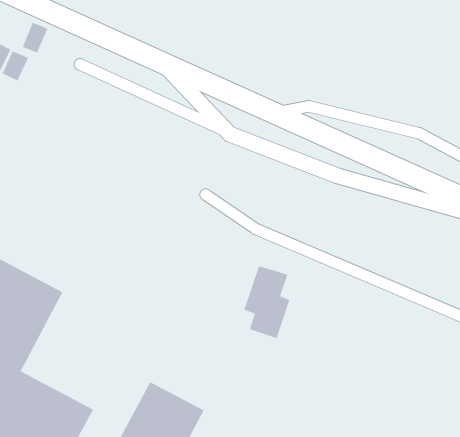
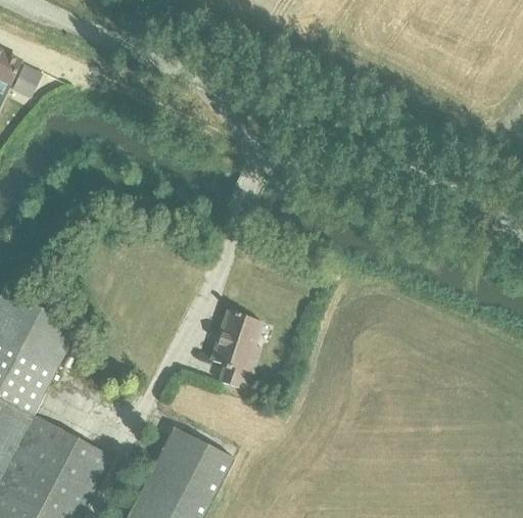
building: [22,22,48,53] -> none
building: [244,265,290,339] -> [210,313,262,393]

